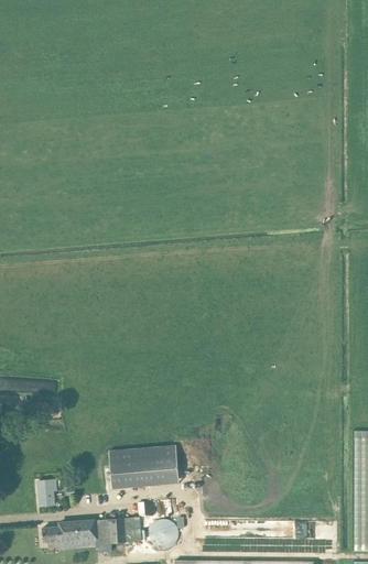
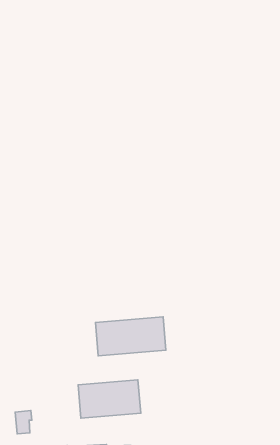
building: none -> [96,317,166,356]

